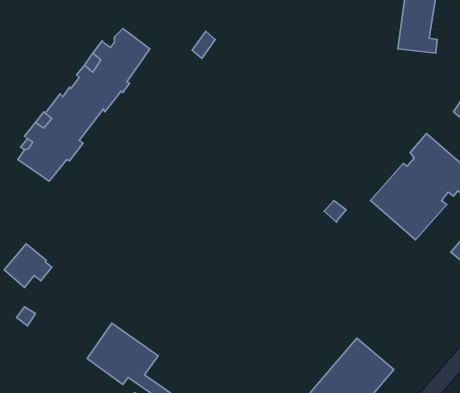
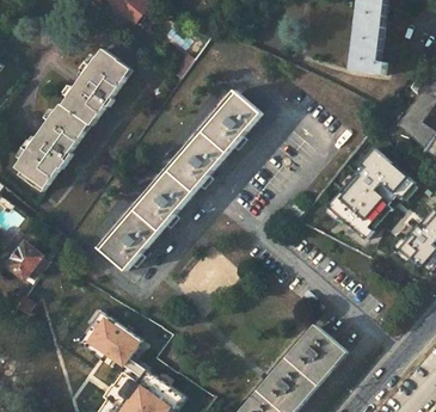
building: none -> [97,92,259,271]

